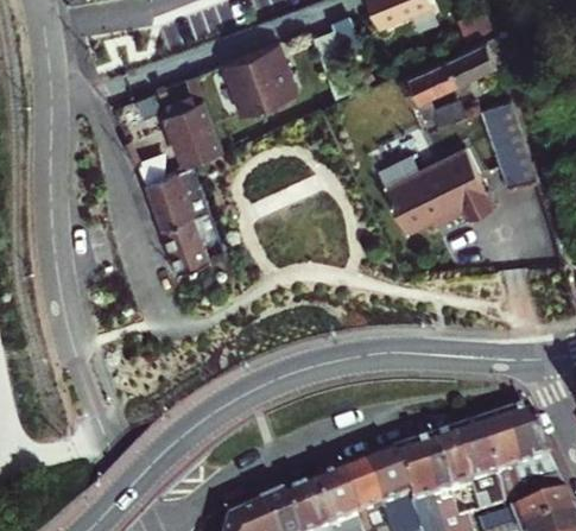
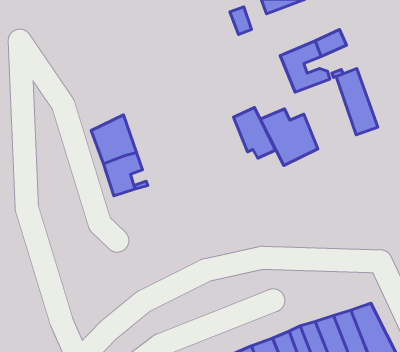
building: [222,39,302,116] -> none
building: [166,74,222,156] -> none
building: [433,144,490,213] -> [234,107,275,158]

